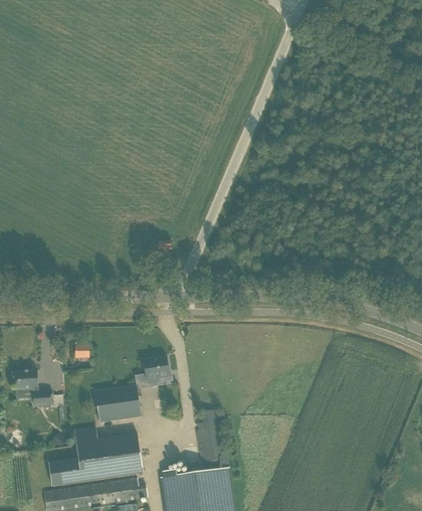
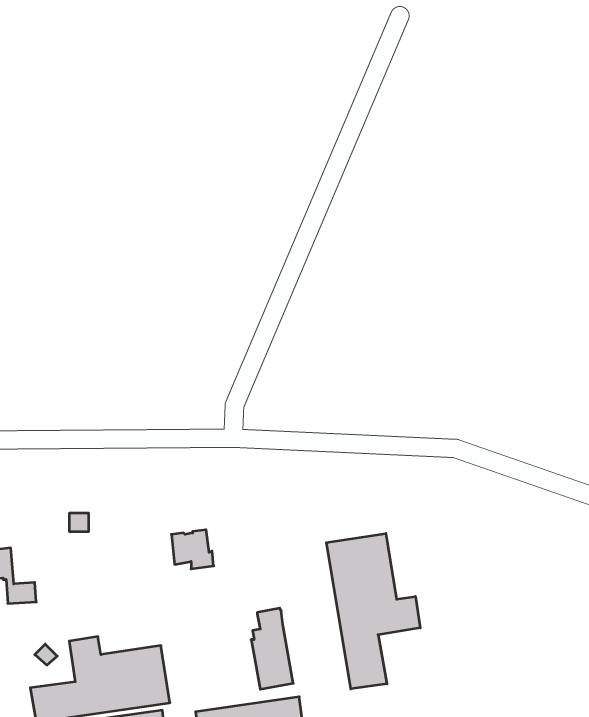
building: none -> [326,533,420,689]
building: [93,386,141,423] -> none

